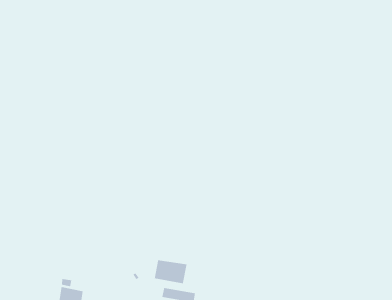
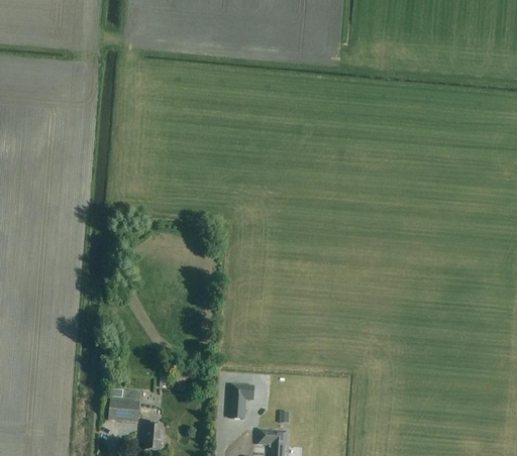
building: [154,260,187,284] -> none

